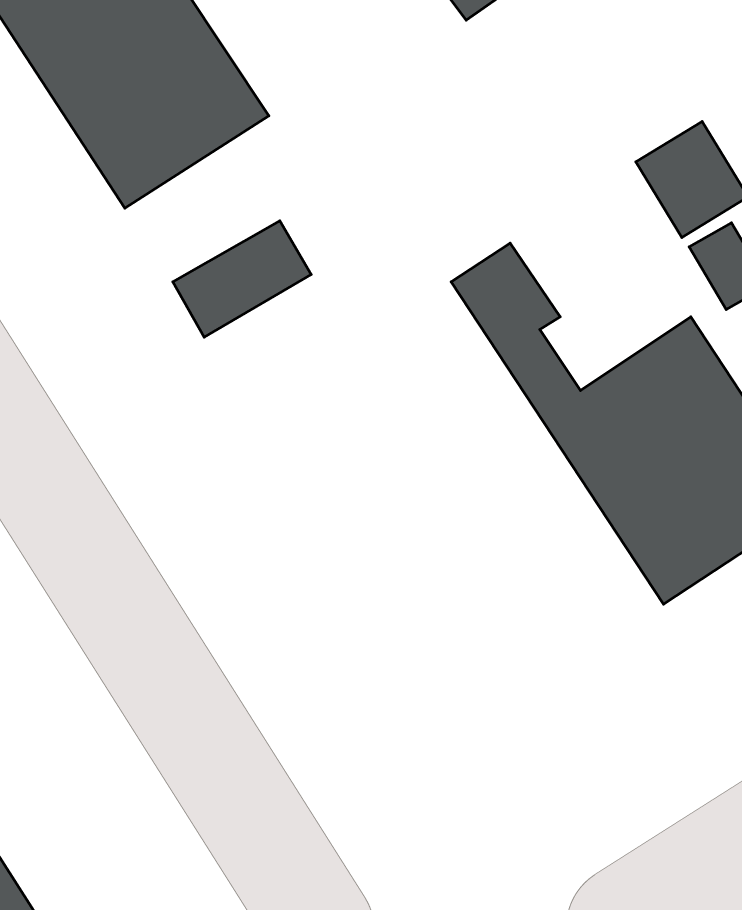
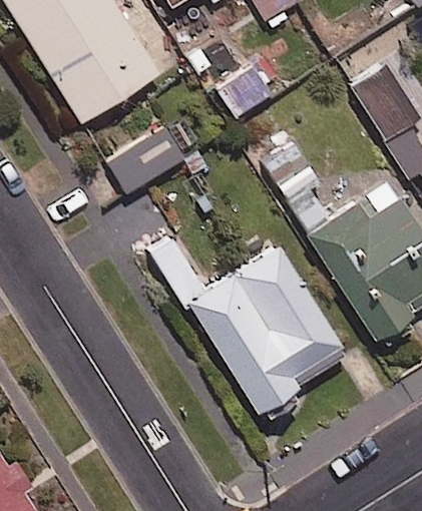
building: none -> [150,234,346,409]

